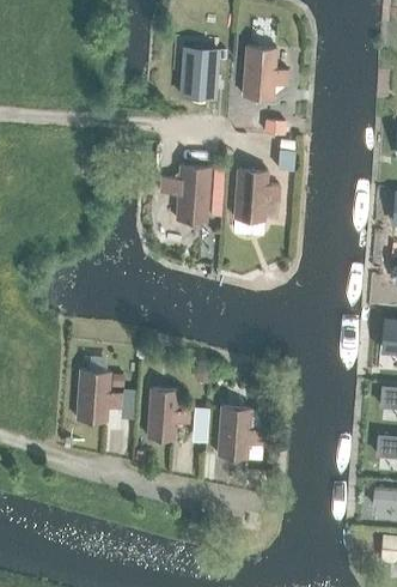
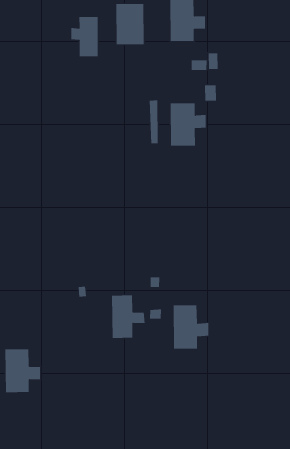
building: none -> [71,16,98,57]
building: [159,165,209,223] -> none
building: [77,369,121,422] -> [5,349,41,393]

